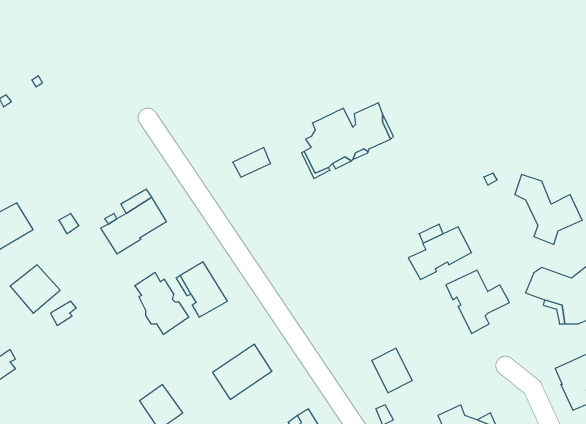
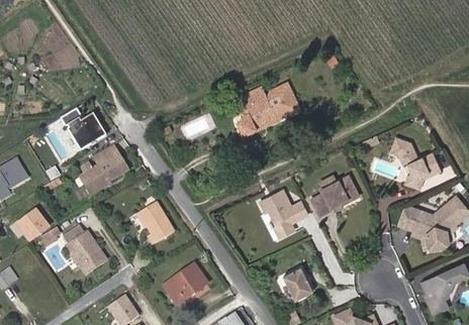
building: none -> [61,108,106,151]
building: [446,270,509,333] -> [259,190,306,237]
building: [135,272,189,334] -> [65,225,105,272]

